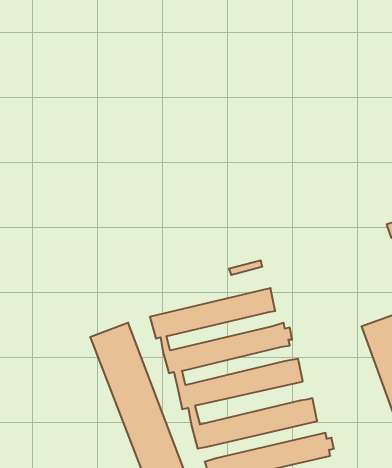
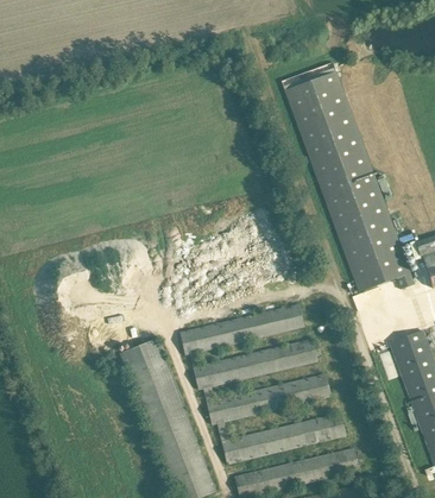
building: none -> [280,61,415,290]

